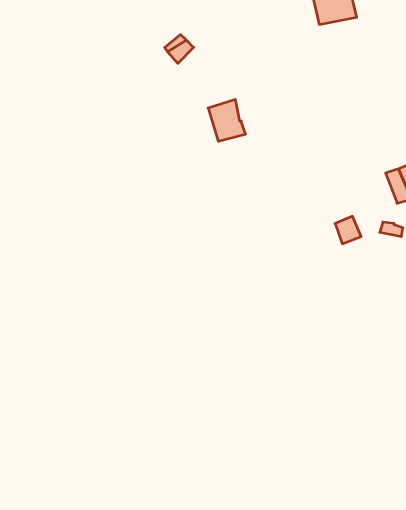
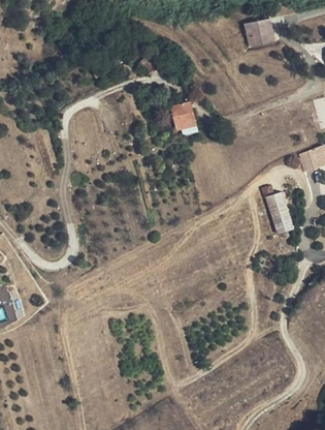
building: none -> [268,198,292,232]

